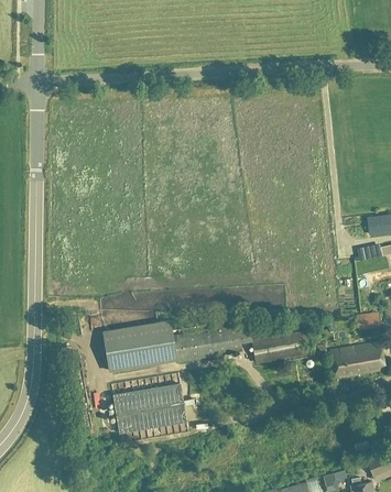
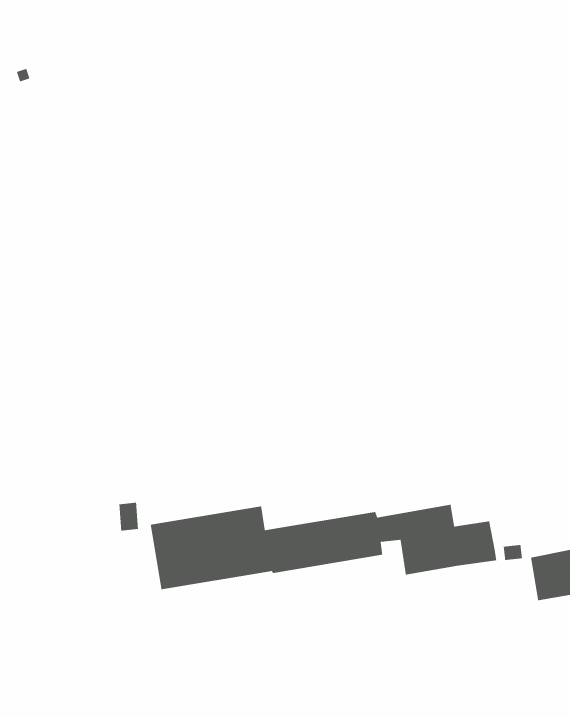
building: [113,383,187,433] -> none

